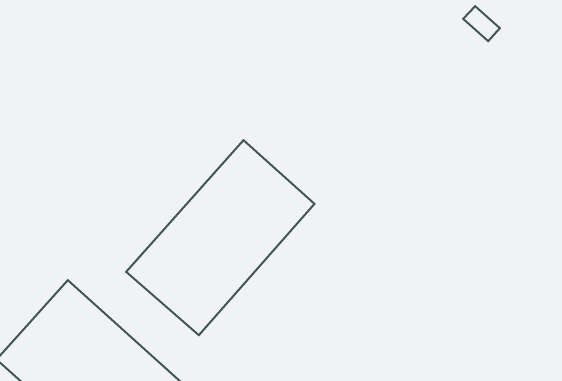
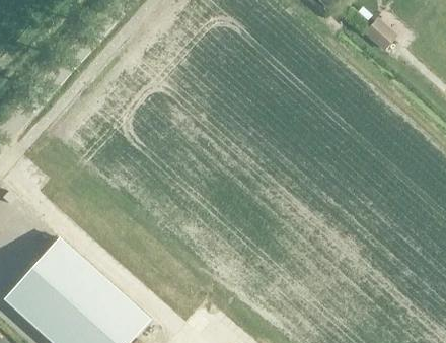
building: [126,140,315,335] -> none

